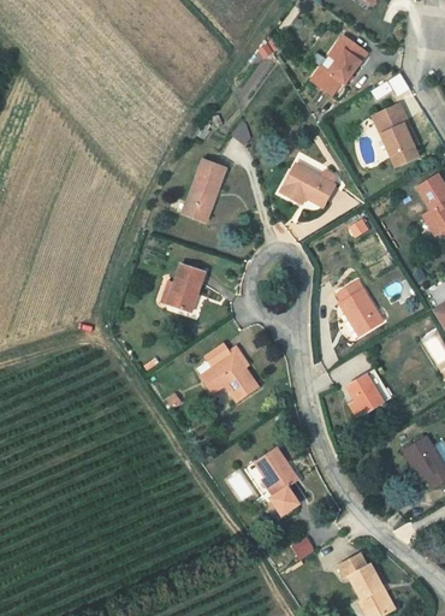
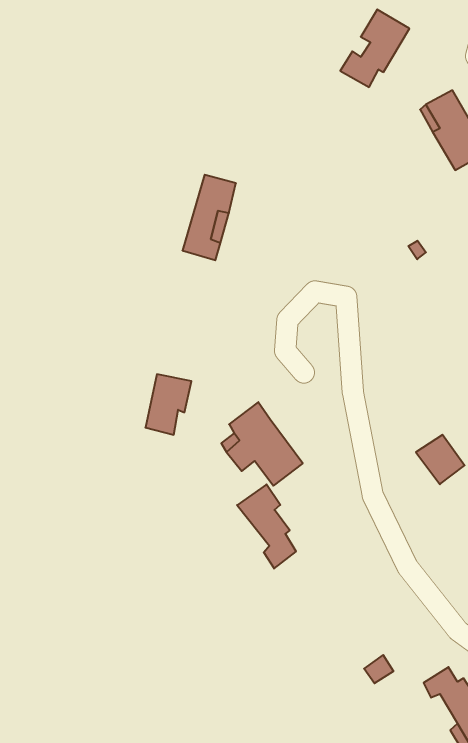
building: [277,158,332,203] -> none
building: [164,262,202,310] -> [145,374,191,435]
building: [338,277,381,328] -> none
building: [257,443,301,509] -> [237,484,296,569]

